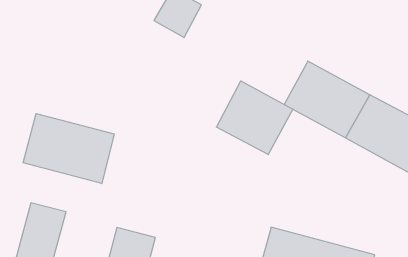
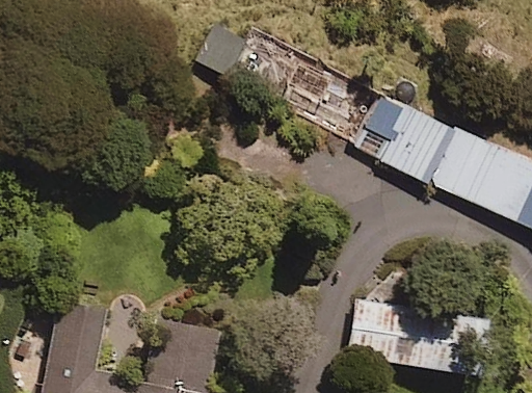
building: [216,81,293,155] -> none
building: [23,114,114,184] -> none

